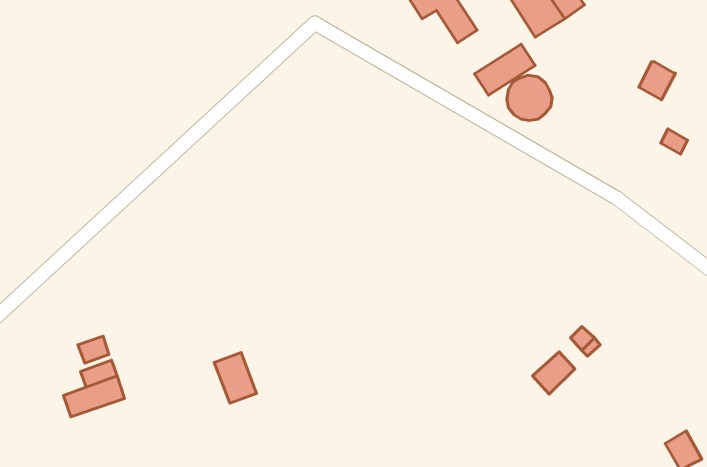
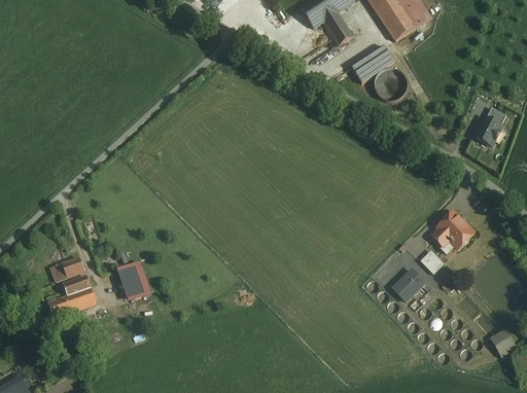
building: [639,62,676,100] -> [475,117,501,145]
building: none -> [431,211,472,247]
building: [214,353,257,403] -> [119,261,150,298]

